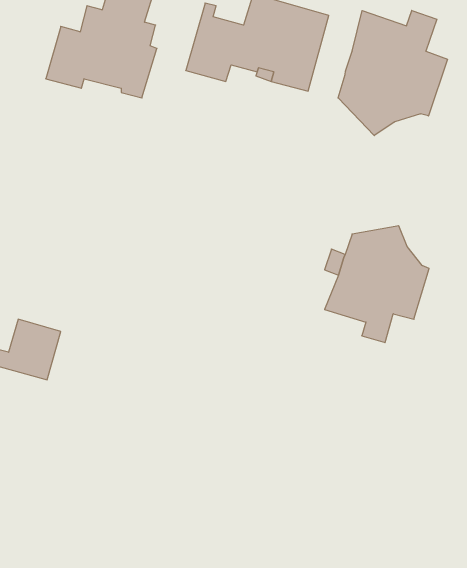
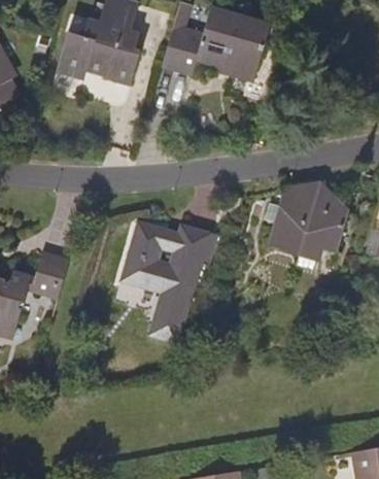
building: [338,10,448,136] -> none
building: none -> [117,221,214,345]

